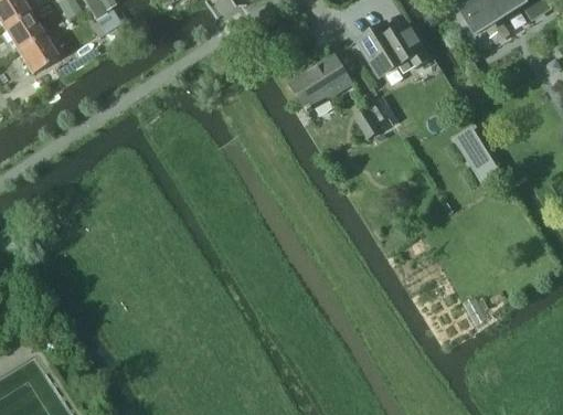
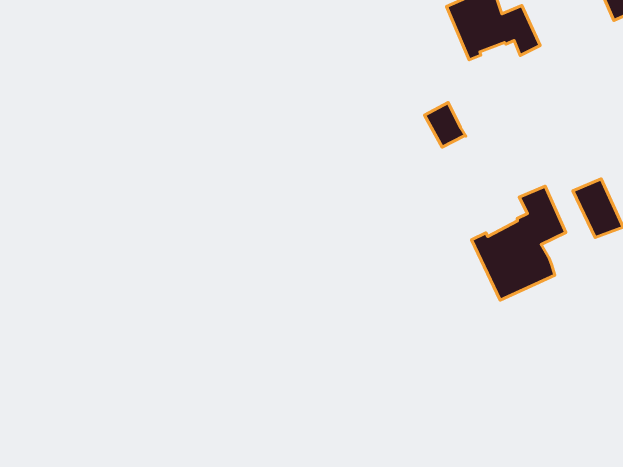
building: [290,51,353,107] -> none
building: none -> [472,186,566,300]

